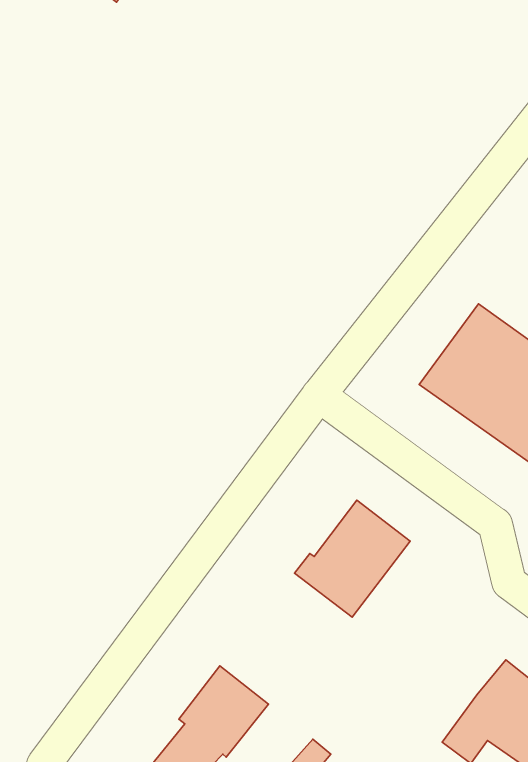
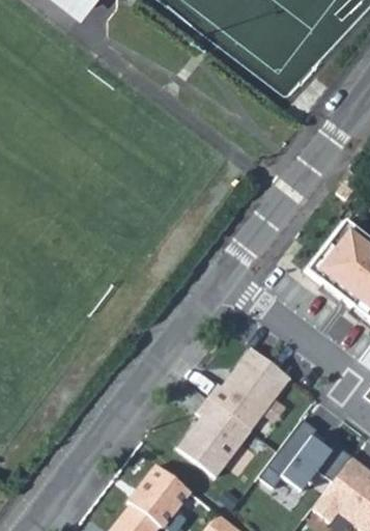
building: none -> [179,399,253,477]
building: none -> [254,417,354,493]

